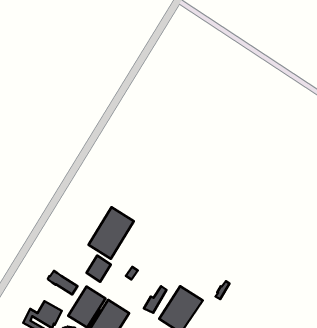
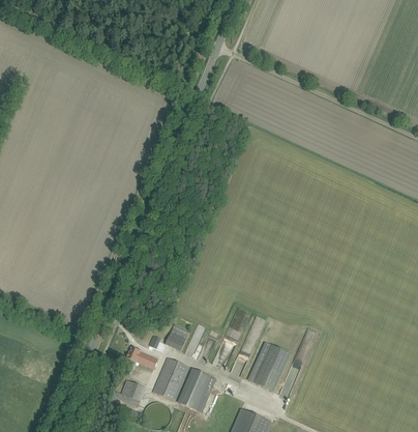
building: [89,207,134,259] -> none

